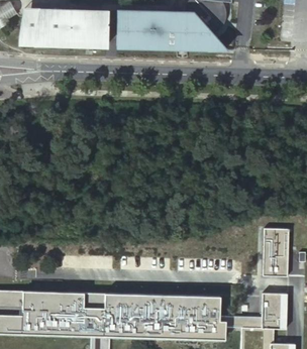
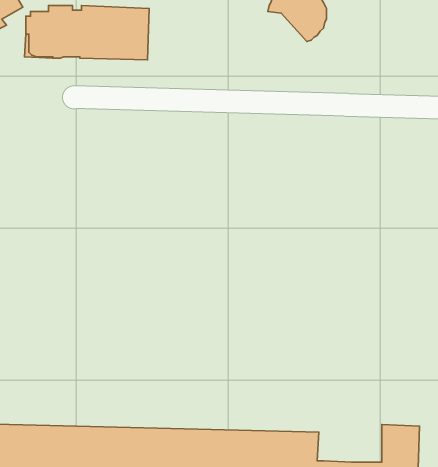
building: [117,12,226,50] -> none
building: [261,228,287,276] -> none

